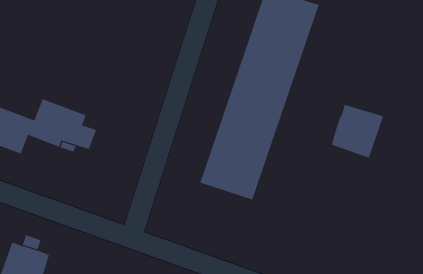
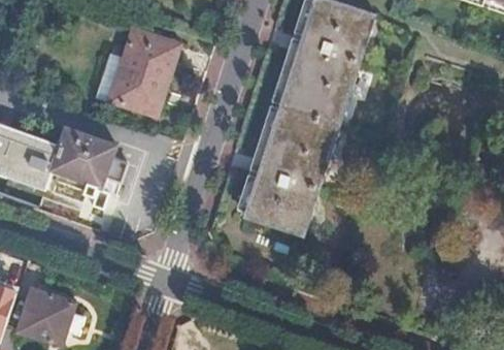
building: none -> [108,28,179,114]
building: [331,104,384,159] -> none

